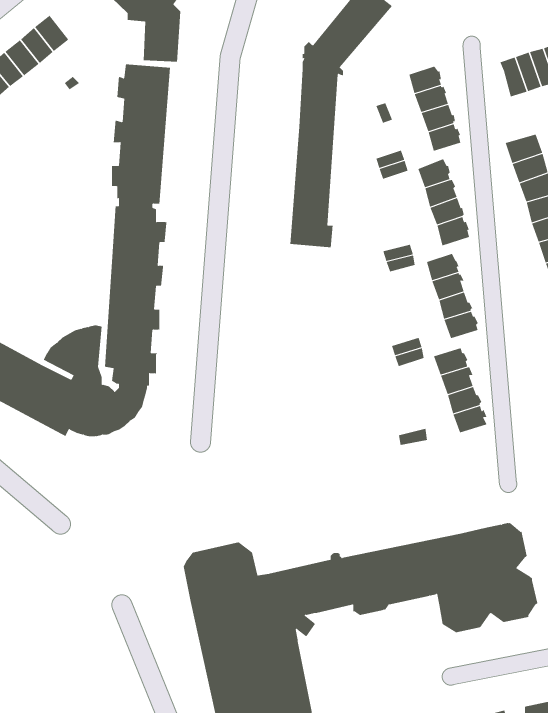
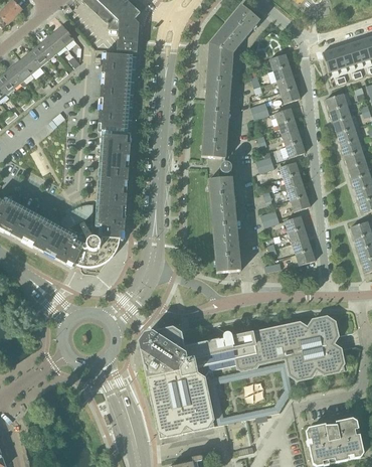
building: none -> [209,162,241,272]

